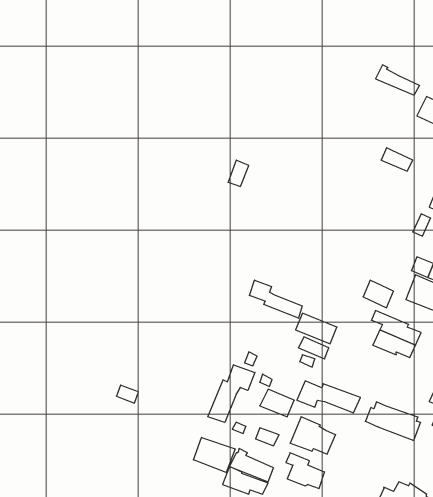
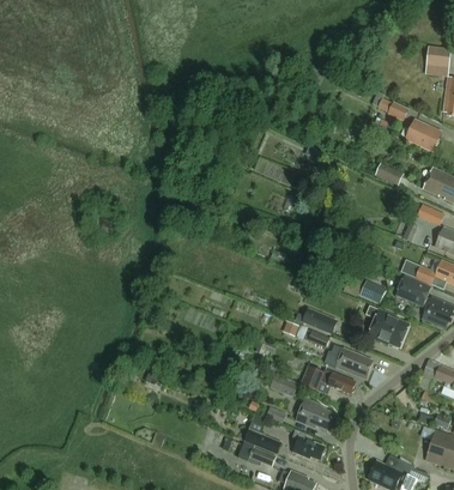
building: [249,280,302,318] -> none
building: [208,365,255,422] -> none
building: [365,402,421,441] -> [325,345,373,379]
building: [193,437,235,472] -> none

